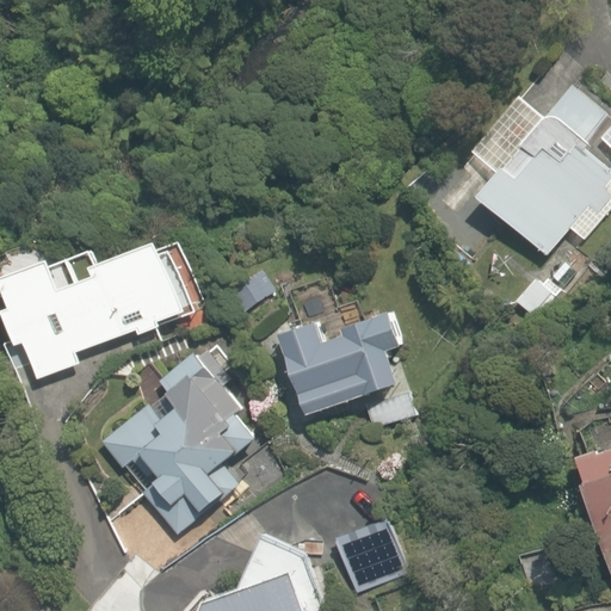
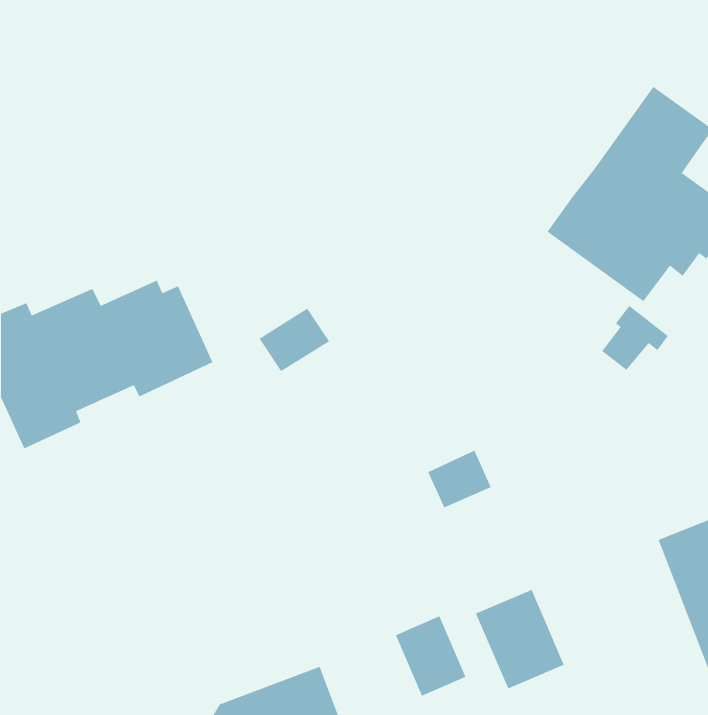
building: [278,304,418,421] -> none
building: [95,344,269,539] -> none
building: none -> [475,589,565,689]

